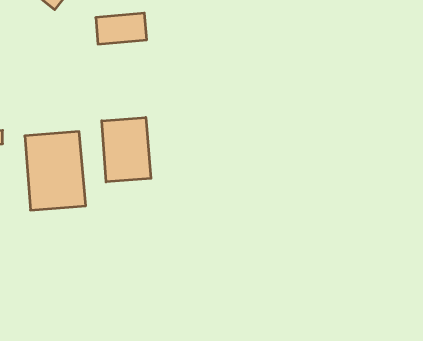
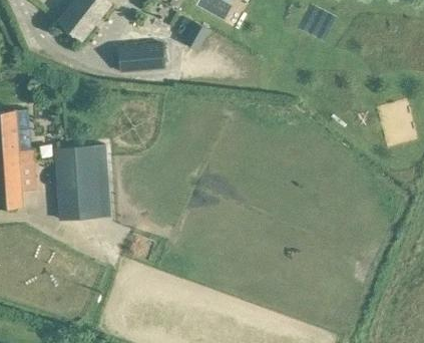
building: [102,117,151,182] -> none

